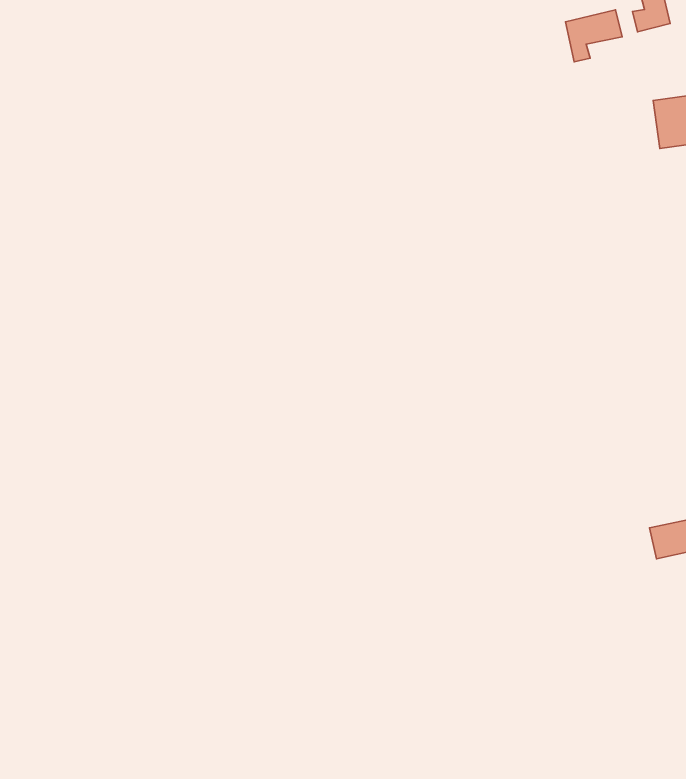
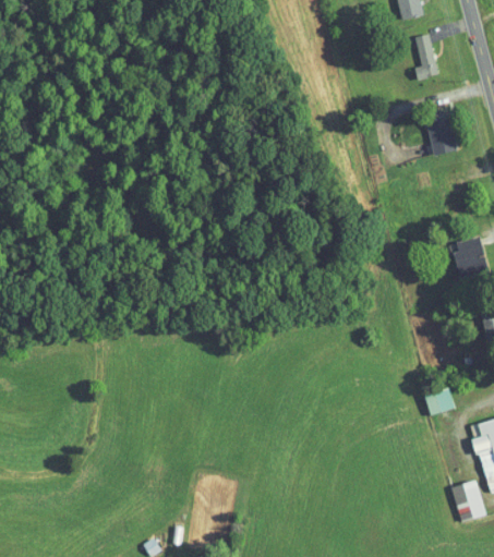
building: [565,10,622,62] -> none

